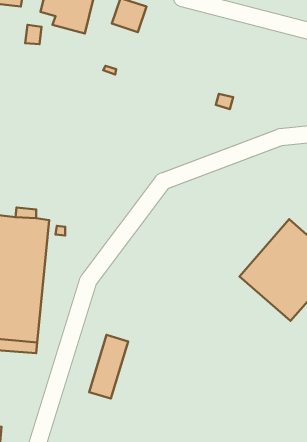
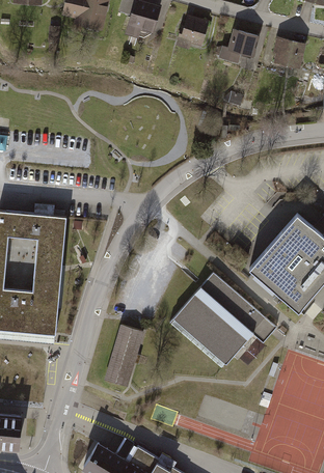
building: none -> [174,18,208,53]
building: none -> [214,31,258,68]
building: none -> [267,38,304,73]
building: none -> [173,272,277,364]

